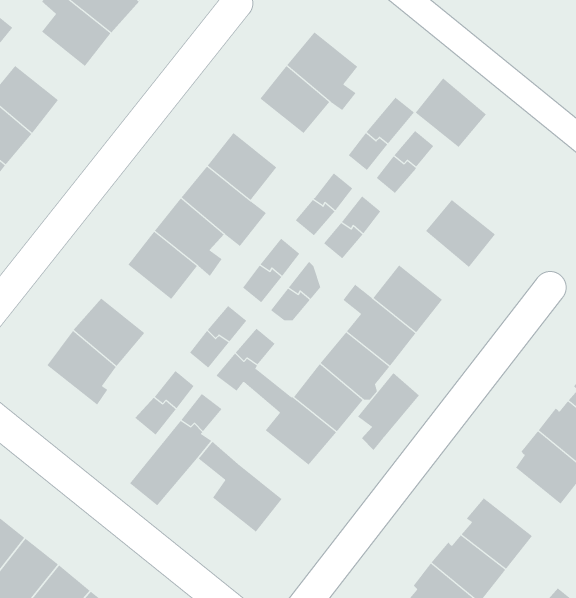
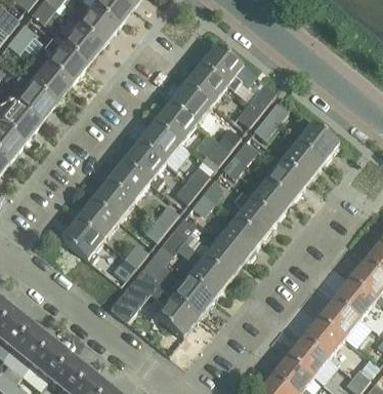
building: none -> [44,38,85,85]
building: [415,77,487,148] -> [298,122,340,163]
building: none -> [171,84,212,124]
building: none -> [267,161,308,201]
building: none -> [94,181,135,221]
building: [357,372,420,451] -> none
building: none -> [174,277,215,317]
building: none -> [316,299,361,339]

